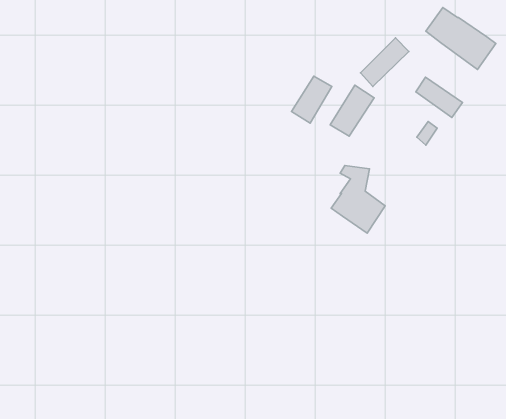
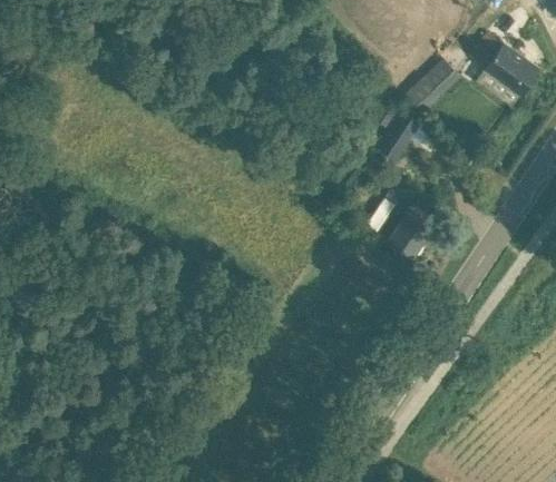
building: [292,76,332,123] -> none
building: [416,77,463,118] -> none

